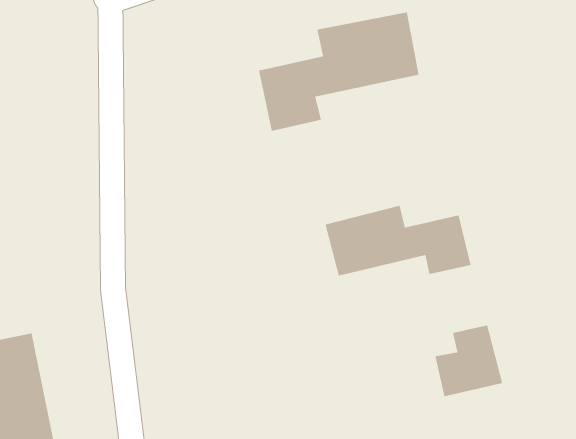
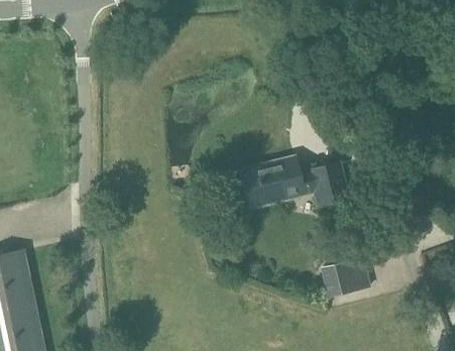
building: [258,11,420,132] -> none

